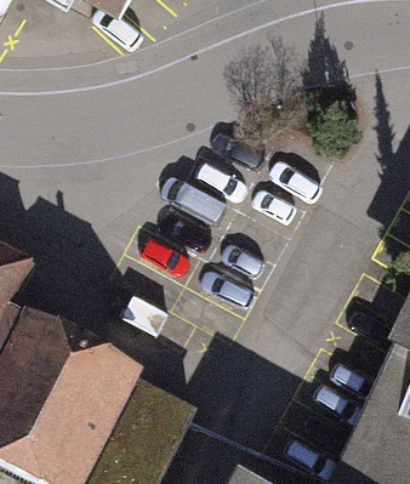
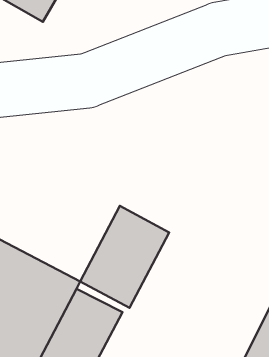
building: none -> [80,206,169,308]

